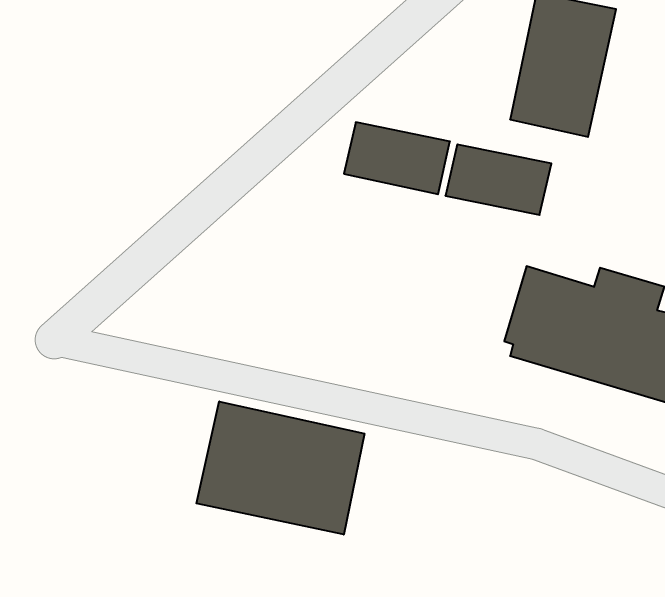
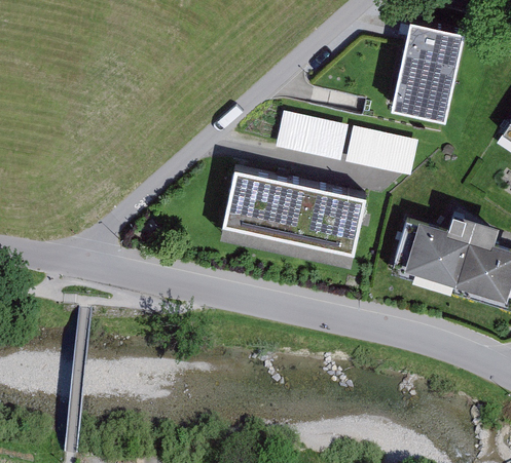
building: none -> [221,168,367,266]
building: [196,401,364,535] -> none

